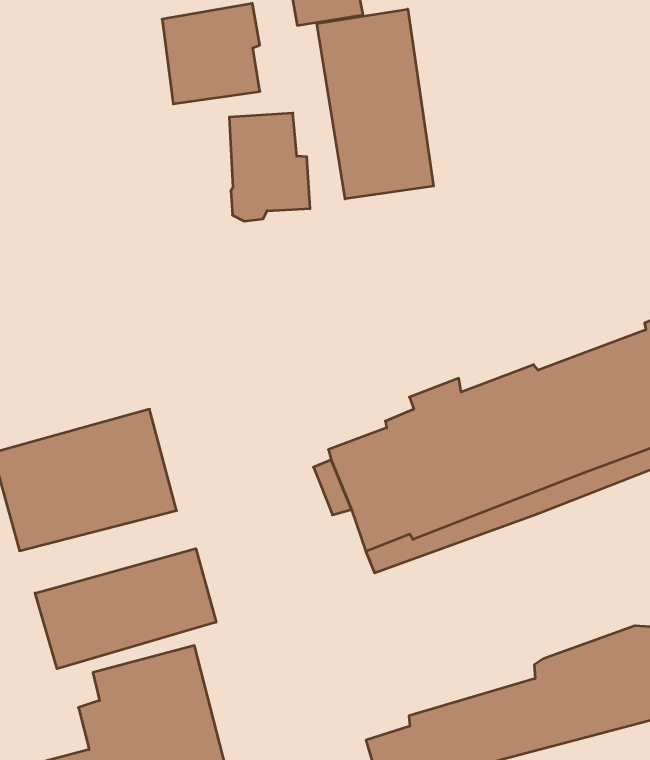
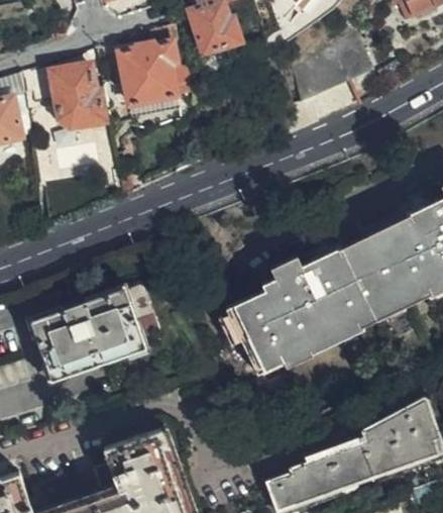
building: [317,9,434,199] -> none
building: [229,113,310,221] -> [50,68,102,133]
building: [35,549,216,669] -> none

